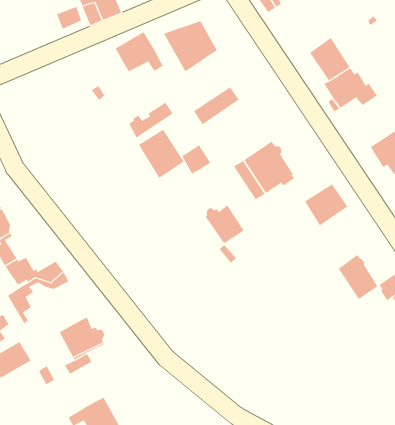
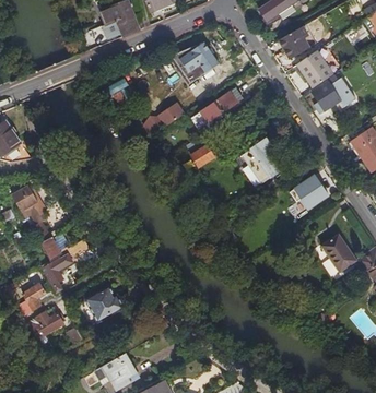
building: none -> [280,26,308,58]
building: [115,31,164,72] -> none
building: [138,129,185,179] -> none
building: [205,205,244,244] -> none

